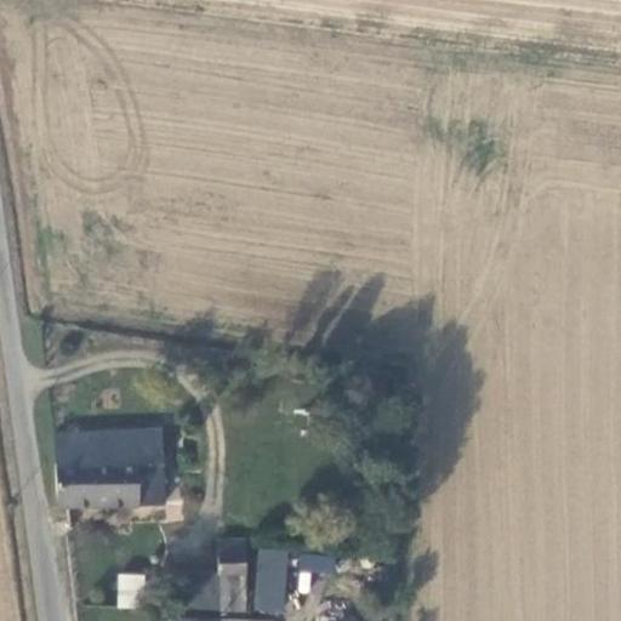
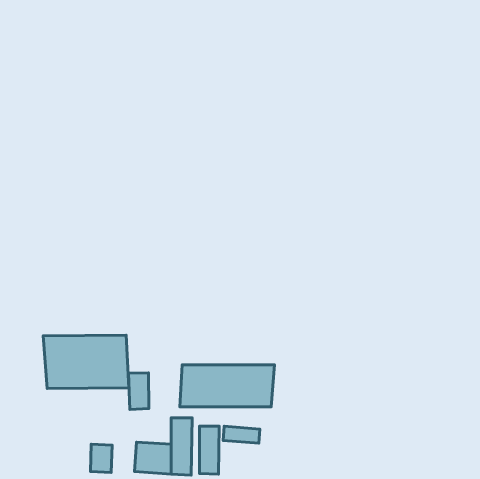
building: none -> [180,365,275,407]
building: none -> [128,373,149,410]

